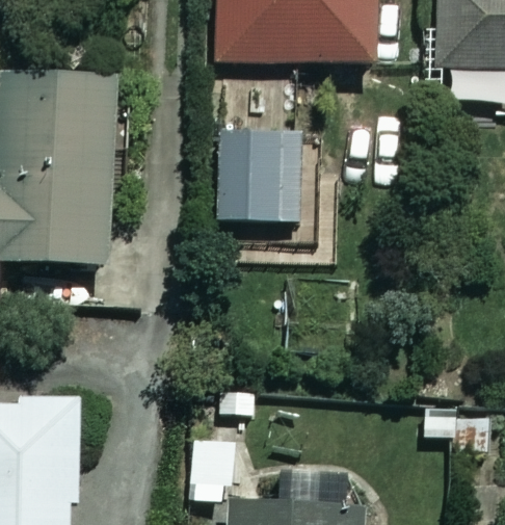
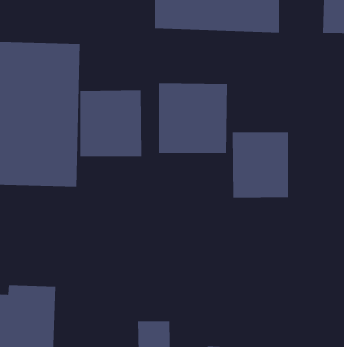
building: none -> [80,90,142,157]
building: none -> [232,131,289,199]

